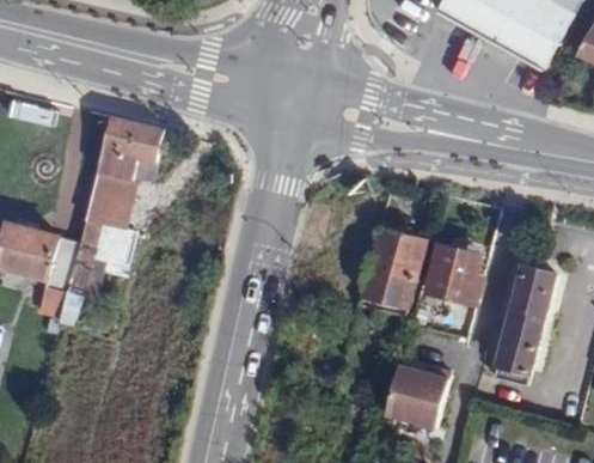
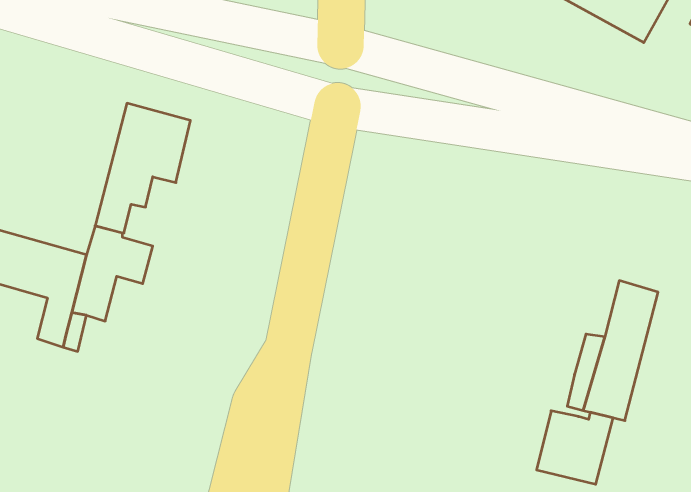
building: [361,229,424,305] -> none
building: [428,244,480,299] -> none
building: [386,367,449,428] -> [537,411,613,484]

